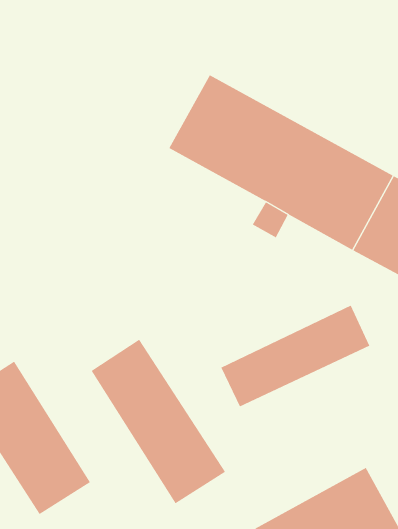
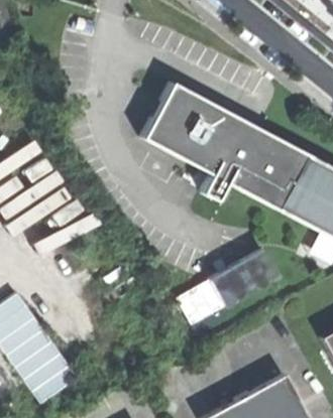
building: [91,339,226,504] -> none

